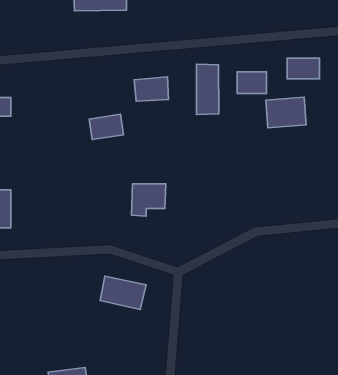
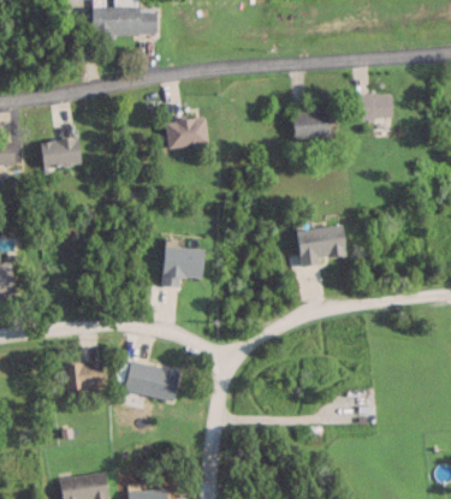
building: [196,64,219,115] -> none
building: [266,97,306,128] -> [297,226,346,263]
building: [89,114,124,140] -> [40,137,82,168]
building: none -> [63,361,105,391]

